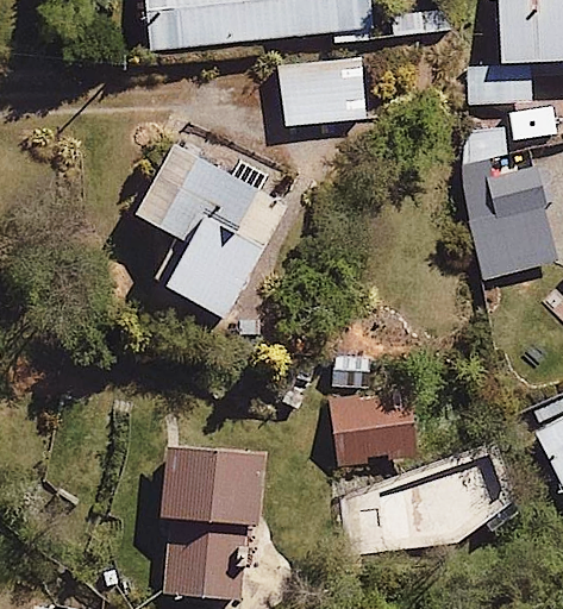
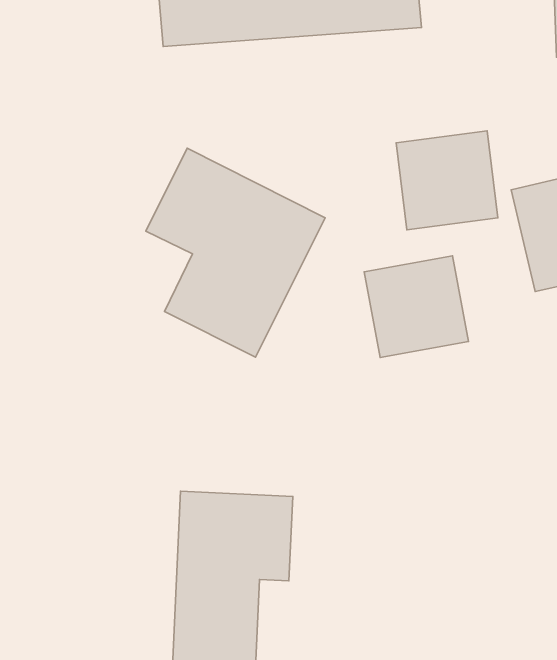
building: [277,44,368,132] -> [396,131,498,230]
building: [329,375,421,465] -> [364,256,469,358]

